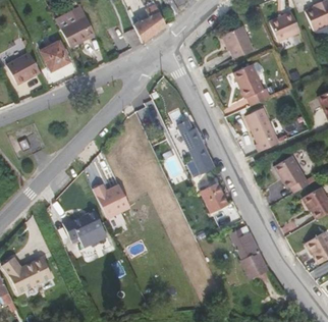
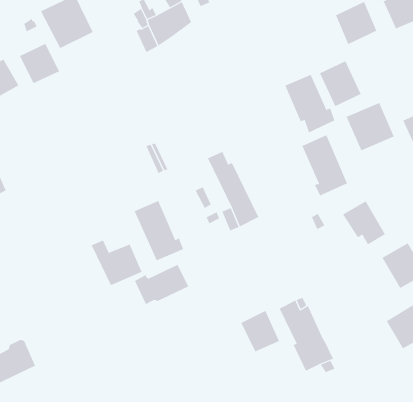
building: [223,25,254,59] -> [319,61,361,107]
building: none -> [346,102,395,151]
building: none -> [134,200,184,261]
building: [201,182,229,213] -> [241,310,280,352]
building: [63,211,103,240] -> [134,264,189,305]

